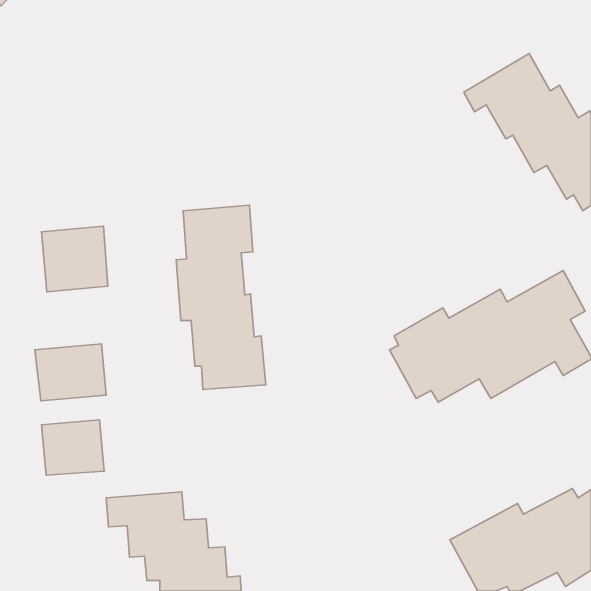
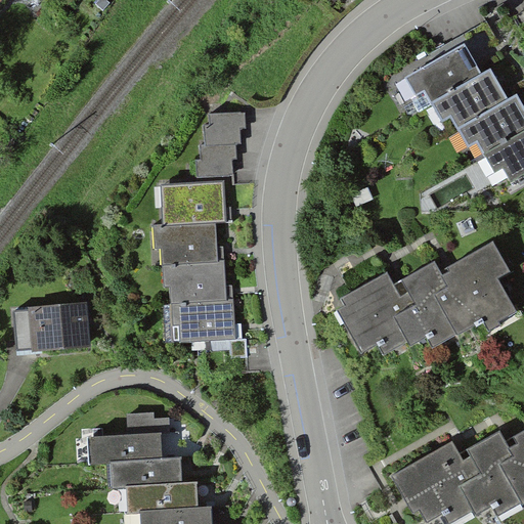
building: none -> [199,114,250,181]
building: [42,226,108,292] -> none
building: [42,420,104,475] -> none

